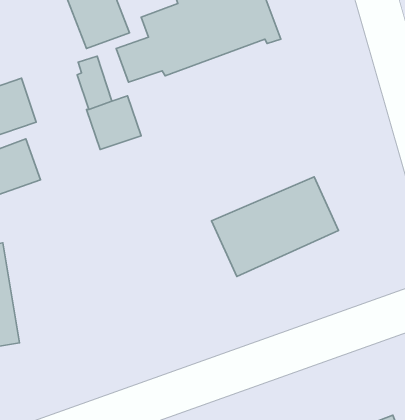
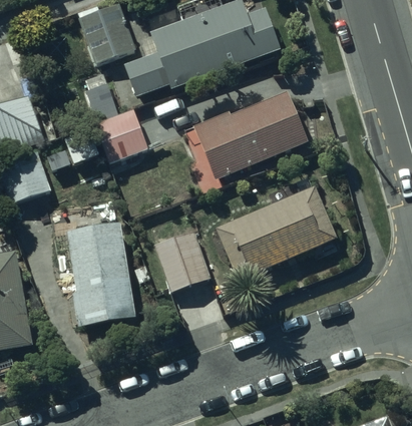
building: none -> [191,92,305,180]
building: none -> [65,222,134,327]
building: none -> [153,232,209,293]

